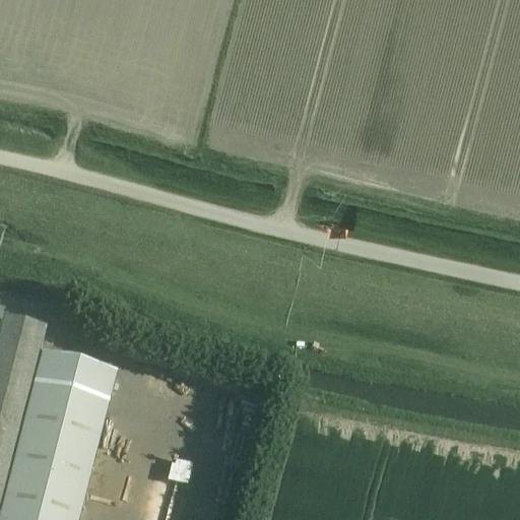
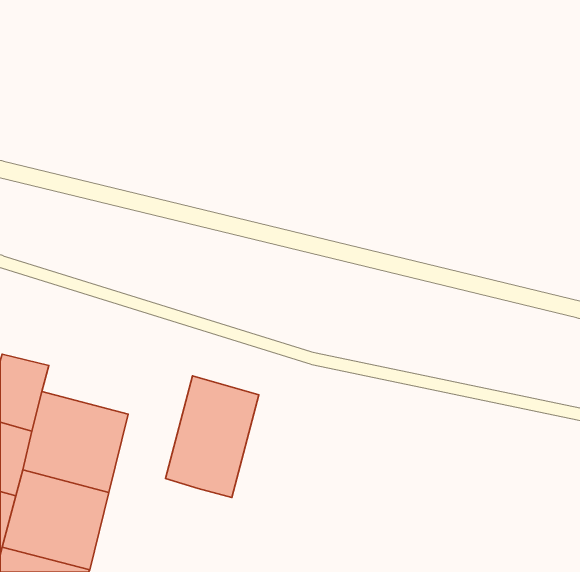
building: none -> [166,376,259,498]

